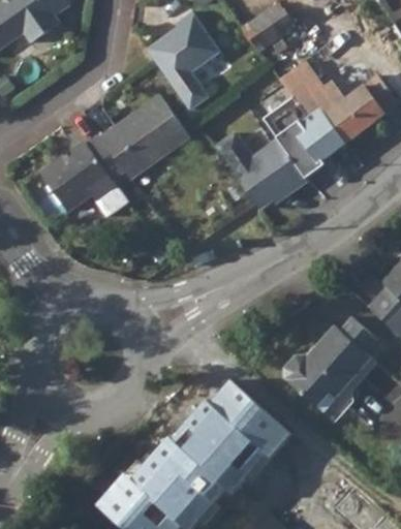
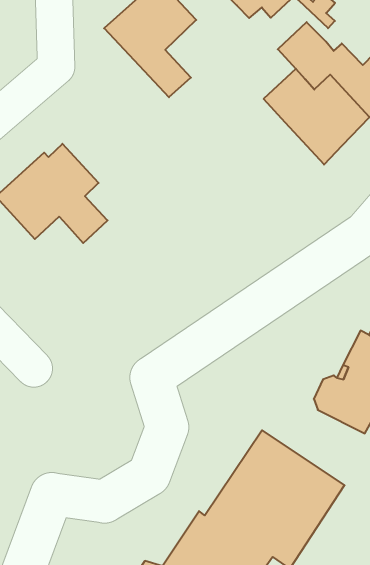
building: [98,94,188,179] -> none
building: [215,133,307,210] -> none

